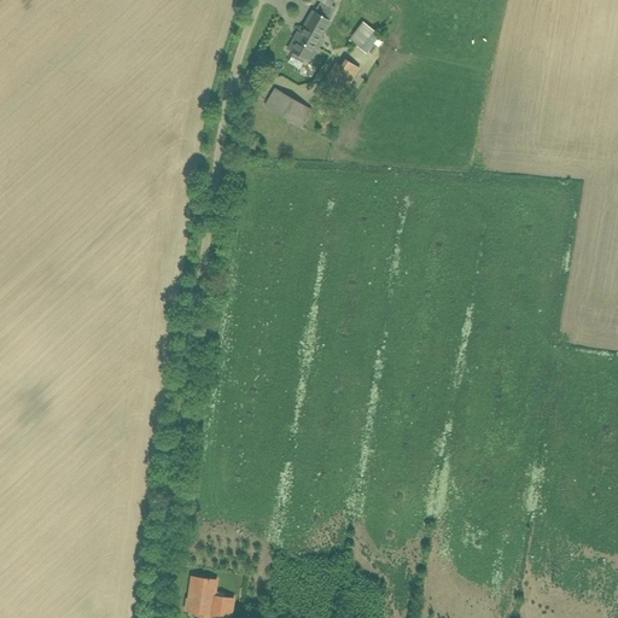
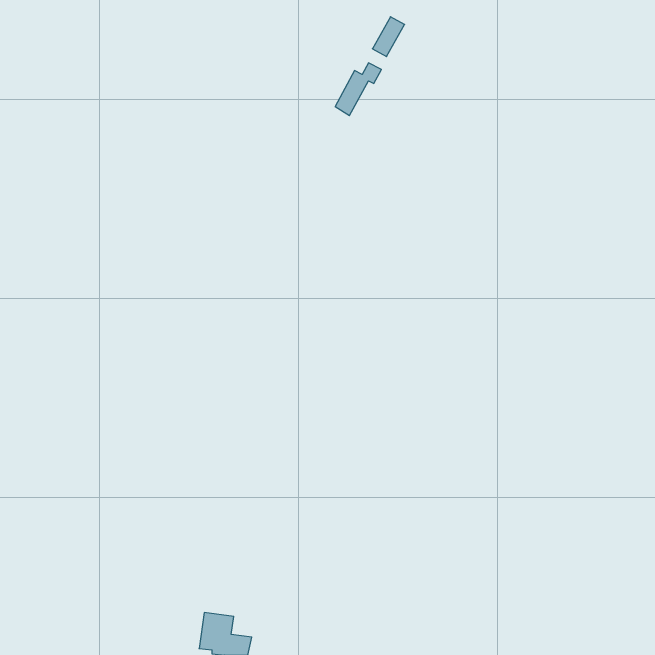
building: [290,12,328,62] -> none
building: [263,88,308,127] -> none

